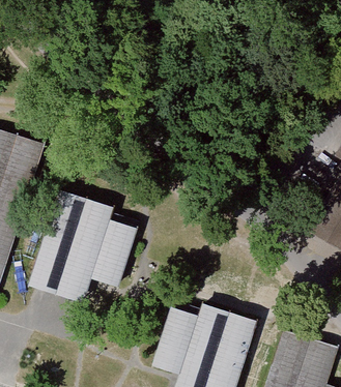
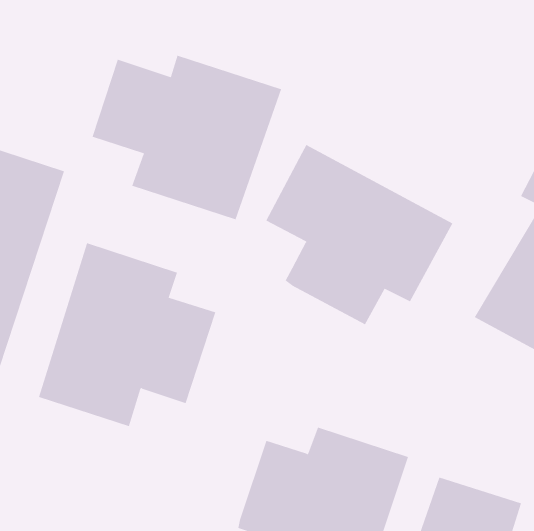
building: none -> [92,55,282,220]
building: none -> [265,144,453,325]

